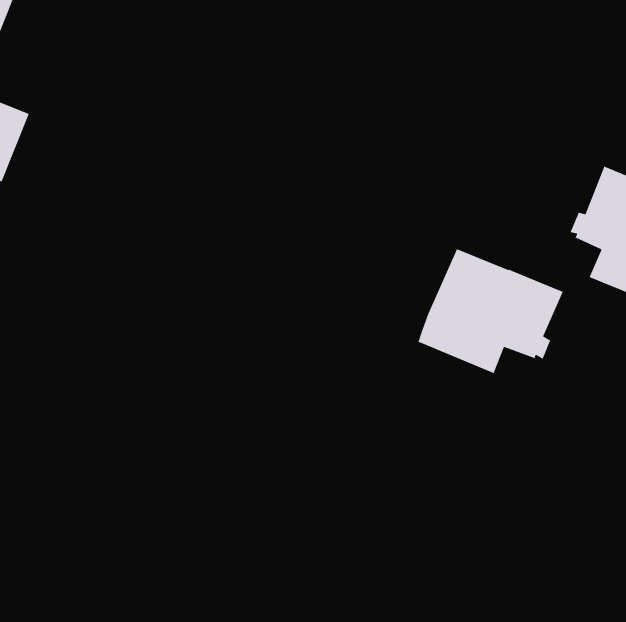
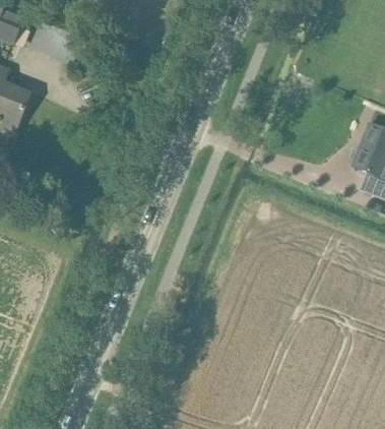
building: [417,248,564,374] -> none

